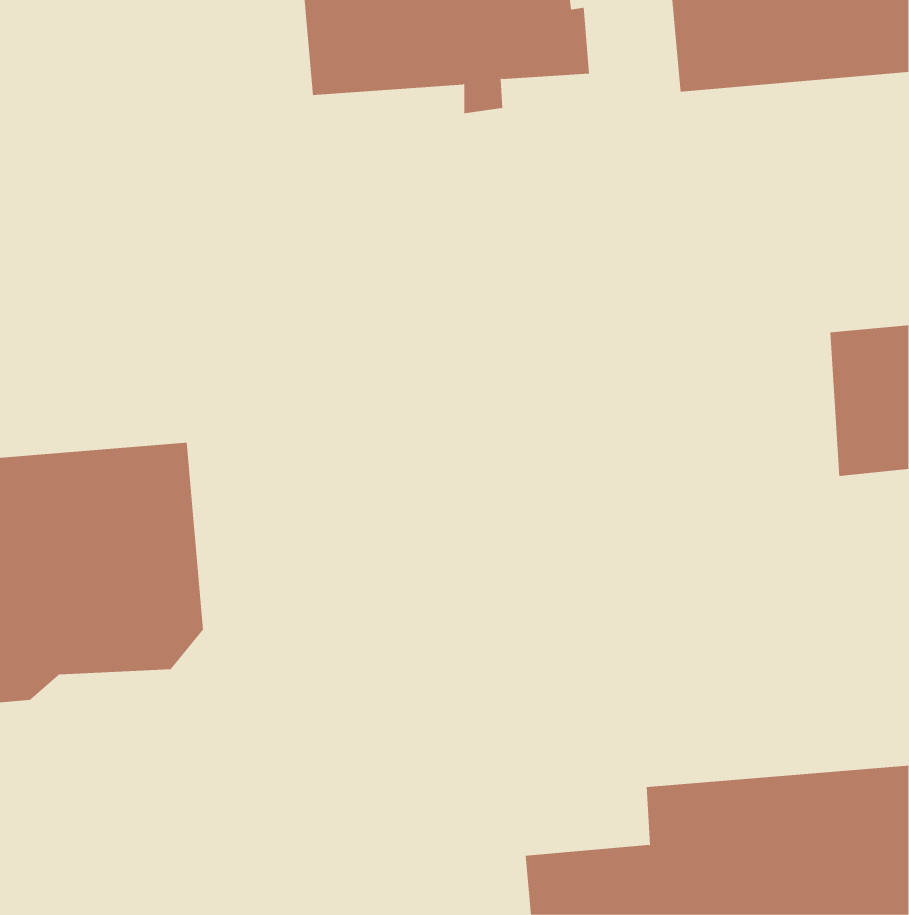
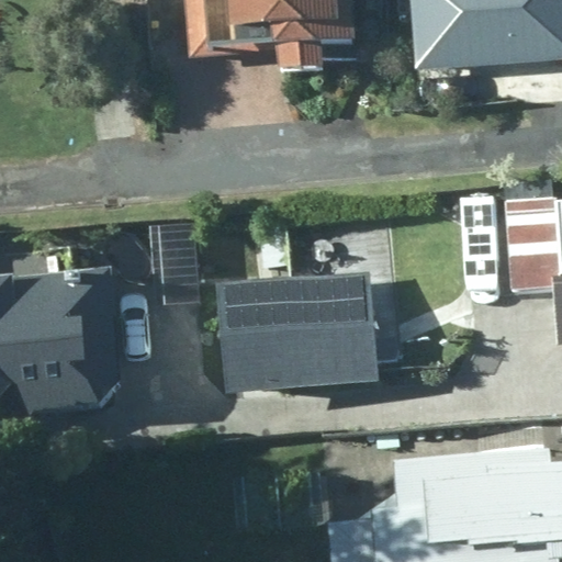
building: none -> [221,269,380,393]

